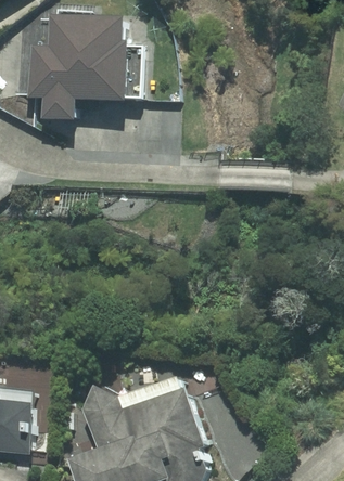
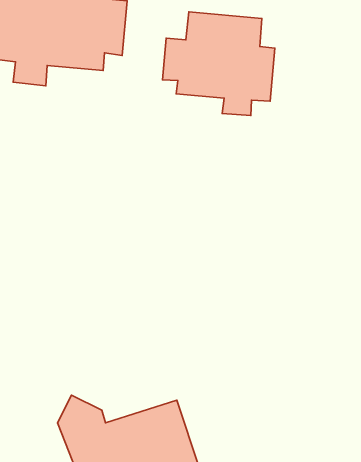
building: none -> [162,12,275,116]

